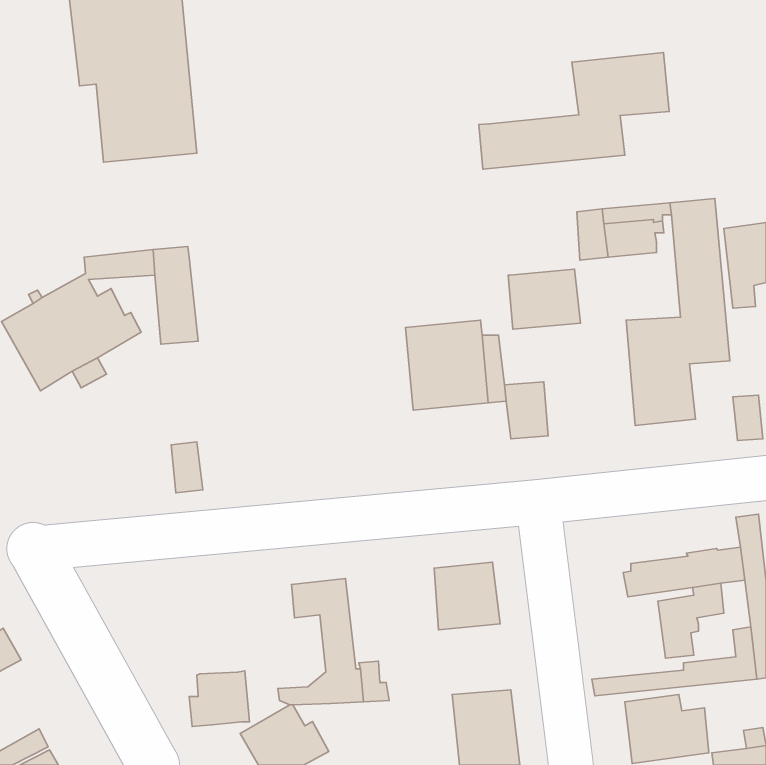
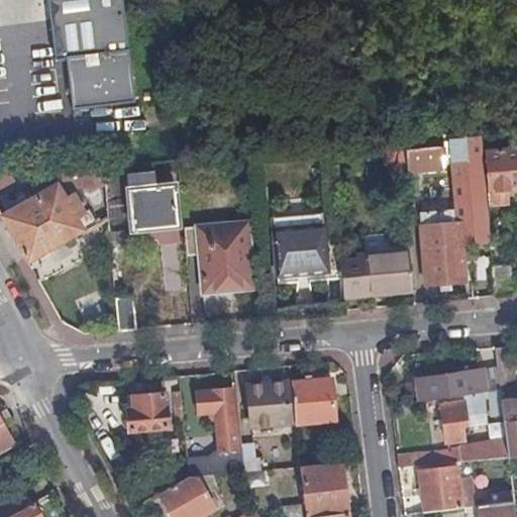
building: [479,52,669,169] -> none
building: none -> [127,171,179,242]
building: [508,269,580,329] -> [366,252,414,293]
building: none -> [187,222,255,293]
building: none -> [247,383,291,426]
building: [189,671,249,726] -> [127,393,168,430]

